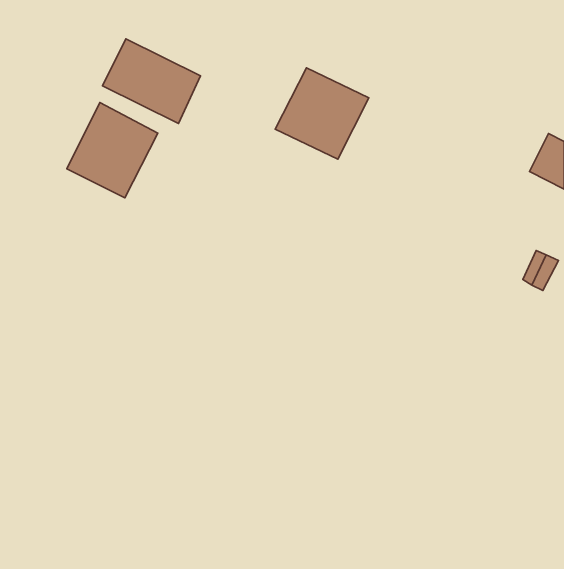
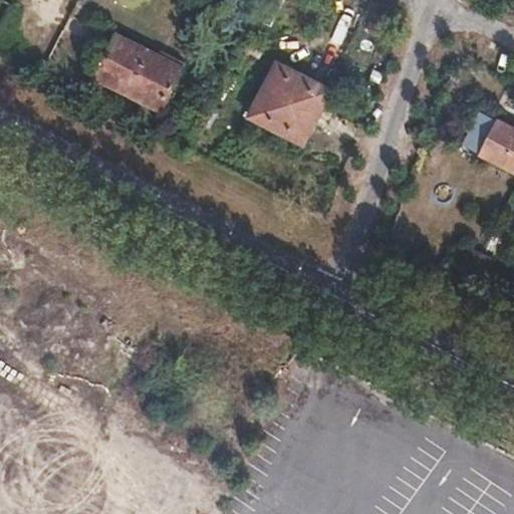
building: [67,103,158,198] -> none

